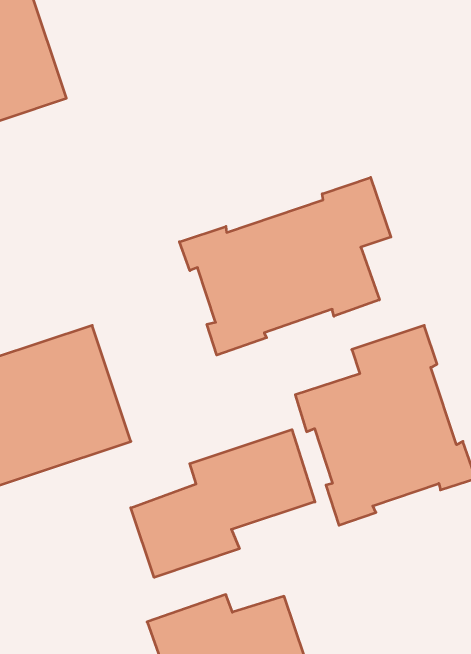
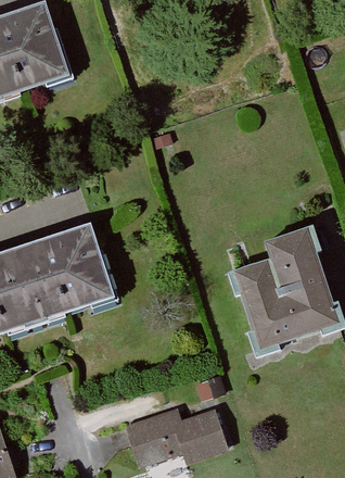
building: [179,177,391,355] -> none
building: [131,430,315,577] -> none

